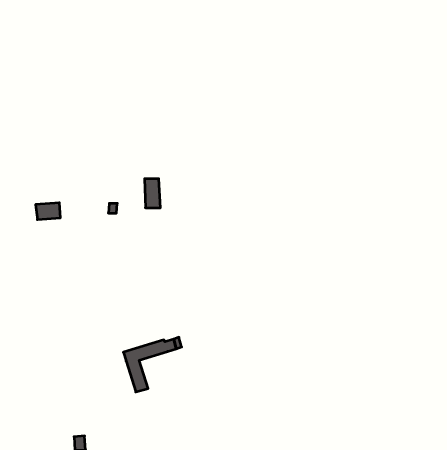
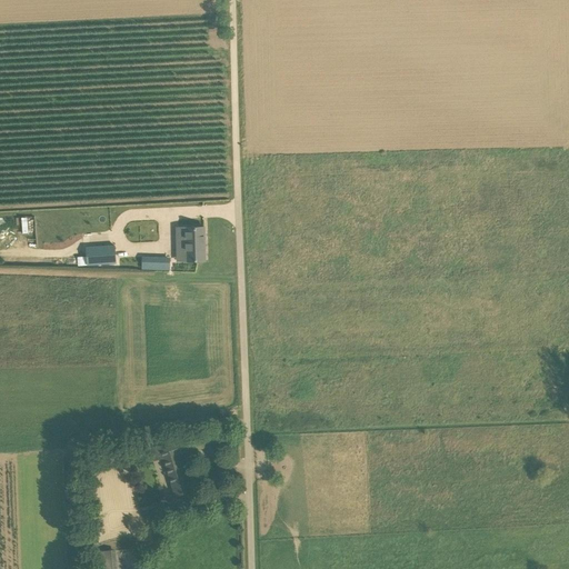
building: [36,203,60,220] -> [81,244,112,266]

